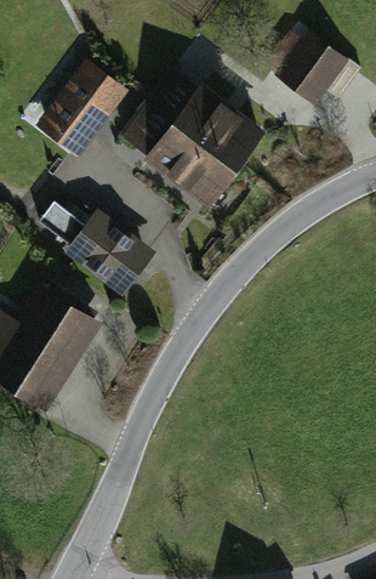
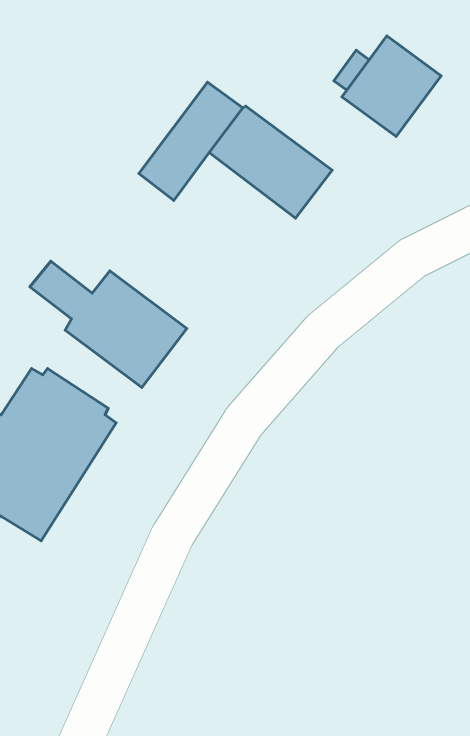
building: [35,59,129,159] -> none
building: [144,119,239,208] -> none

